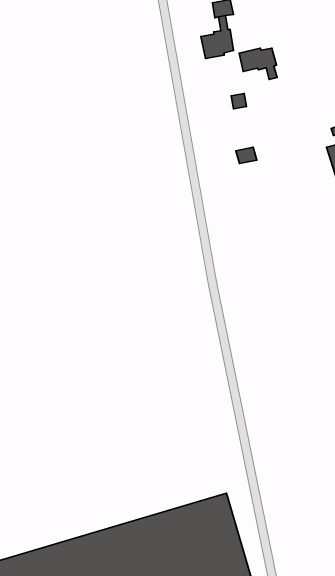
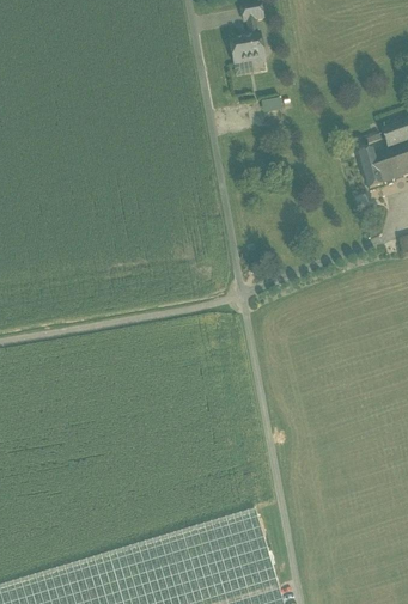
building: [239,48,277,79] -> none

